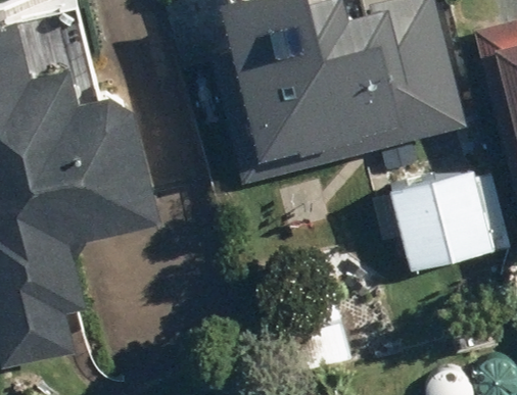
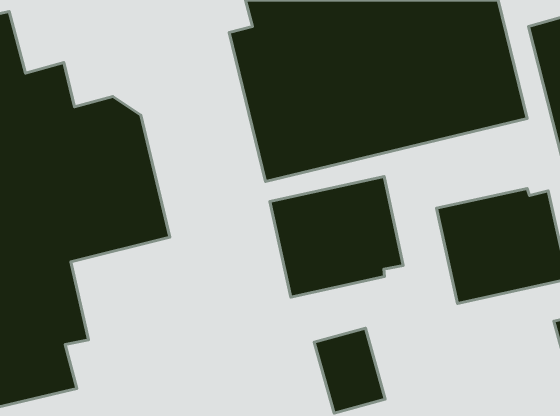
building: none -> [270,177,403,297]

